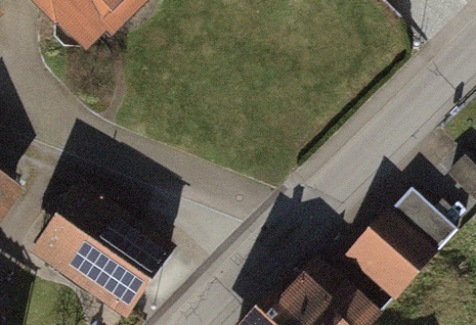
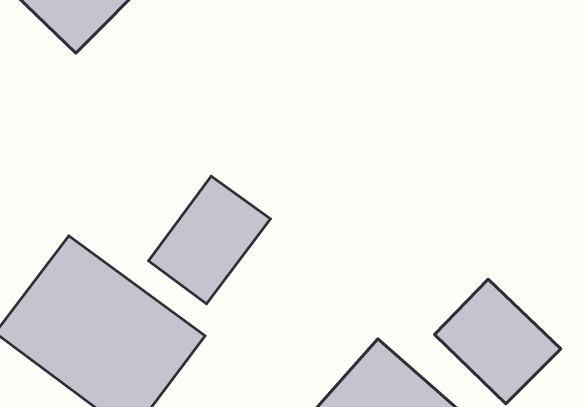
building: none -> [148,176,270,304]

